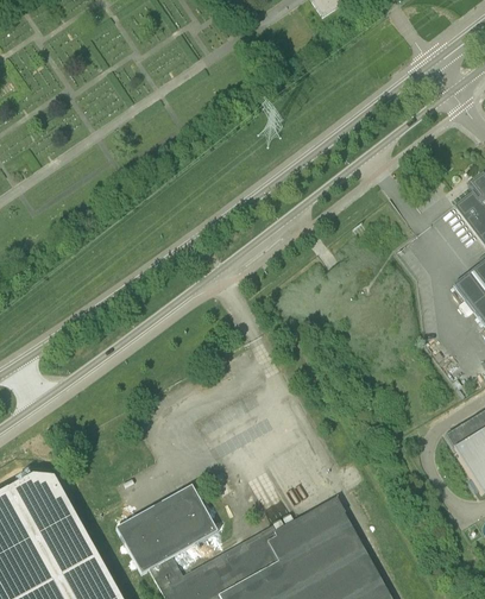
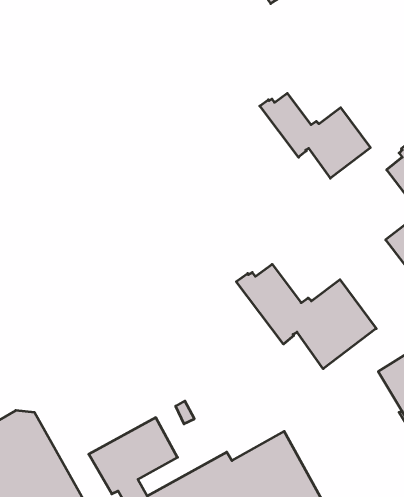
building: none -> [260,93,370,178]
building: none -> [236,264,376,369]

